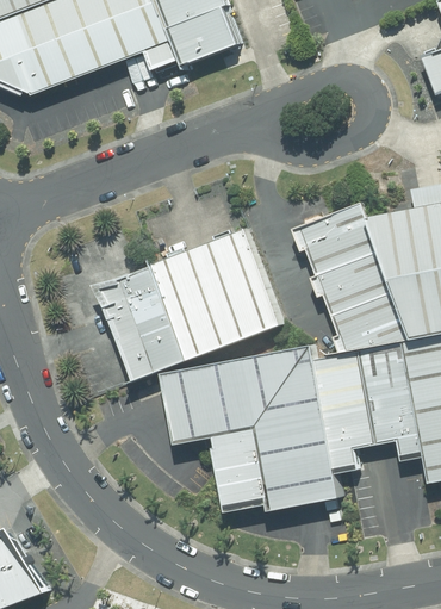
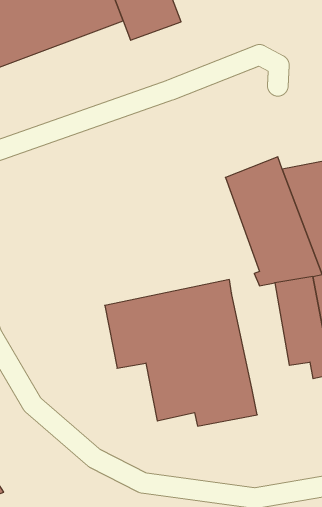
building: [91,224,281,380] -> none
building: [306,348,373,472] -> none

